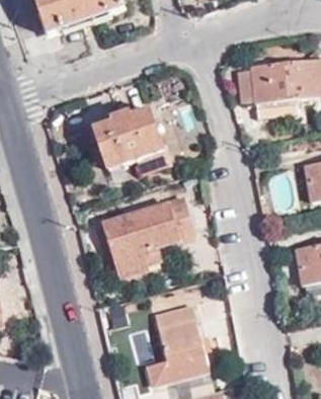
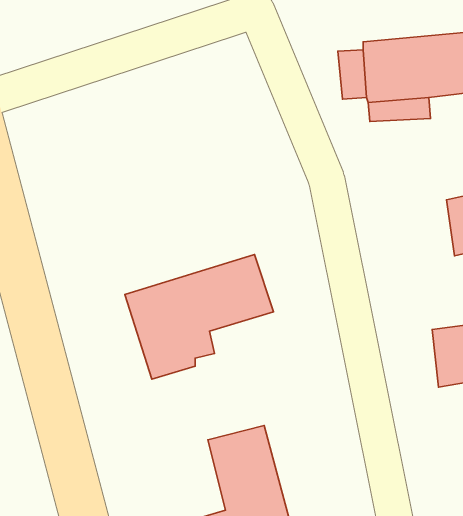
building: [91,109,162,169] -> none

